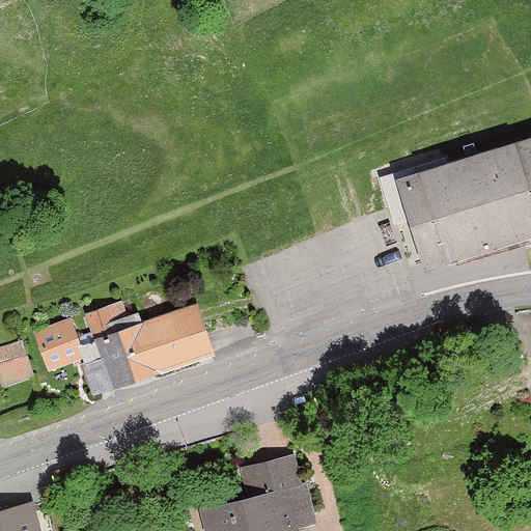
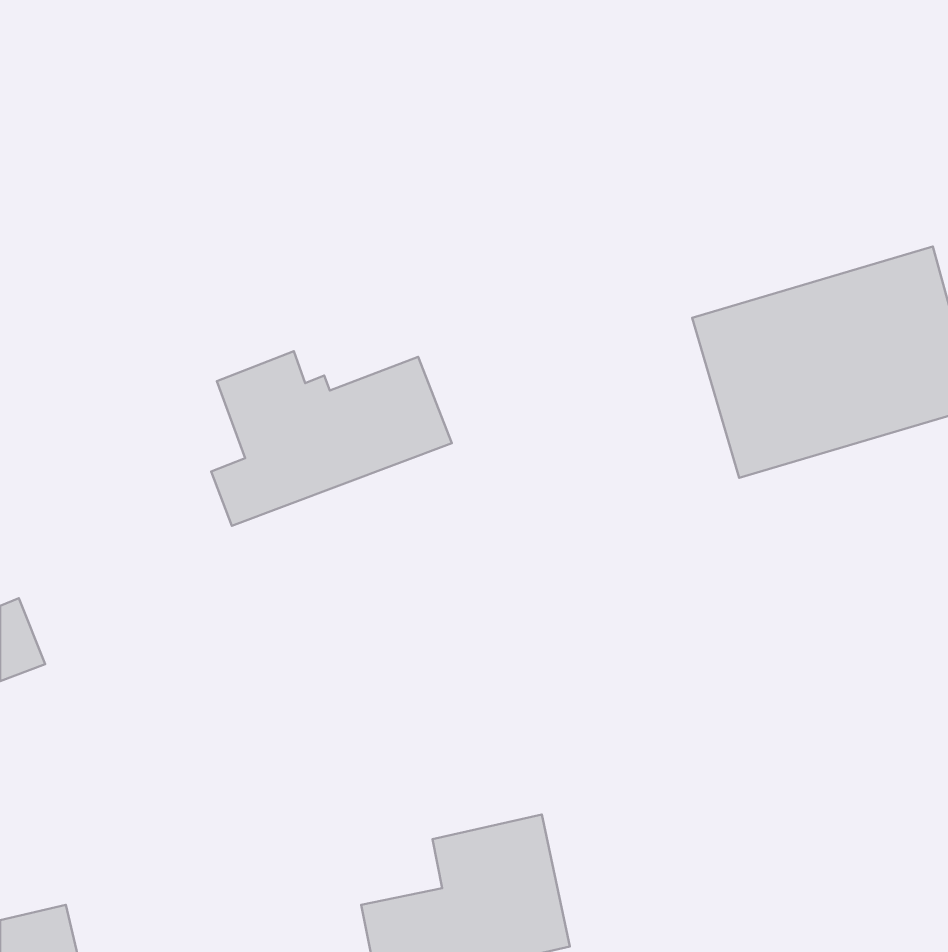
building: [79,300,212,396] -> [211,351,452,526]
building: [32,323,81,373] -> none

